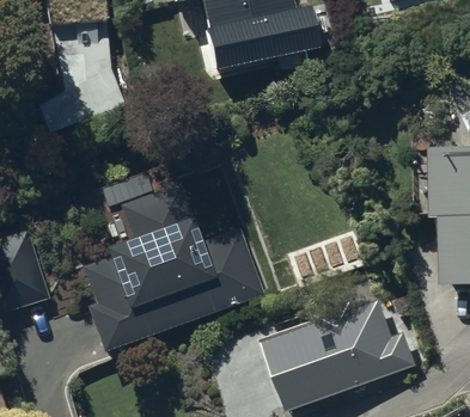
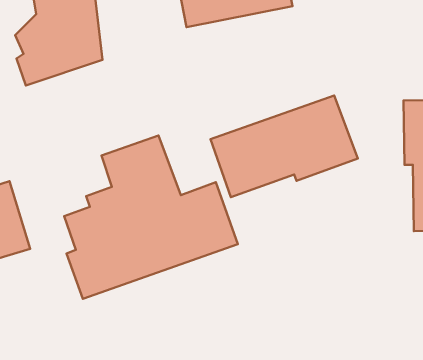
building: none -> [211,95,358,197]
building: [265,300,416,407] -> none

